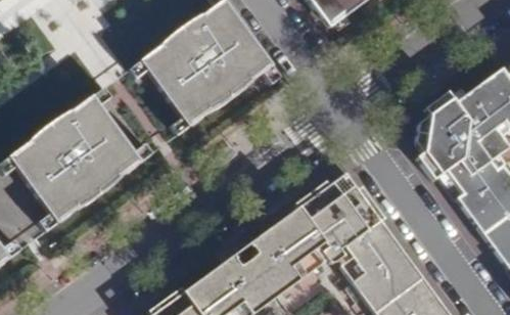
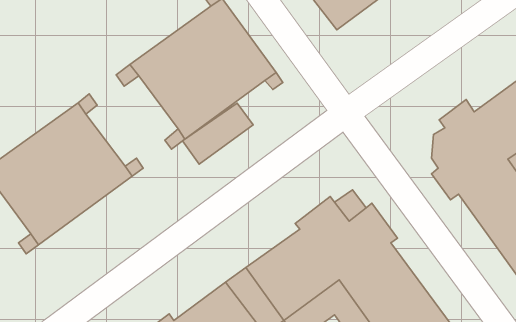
building: none -> [182,103,253,164]

